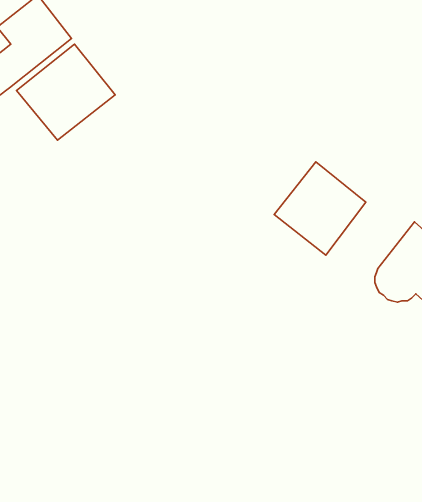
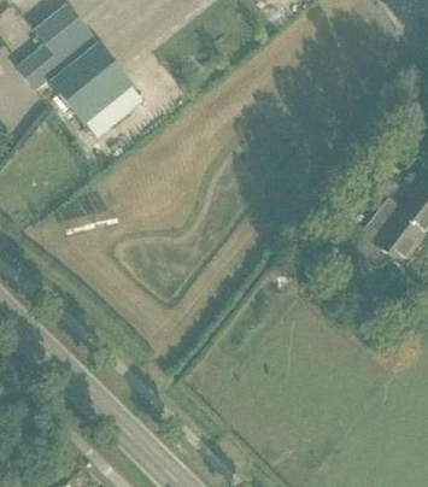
building: [274,162,366,255] -> none

